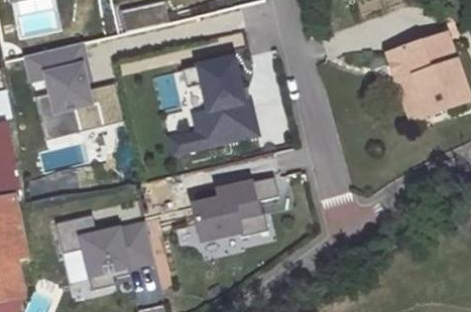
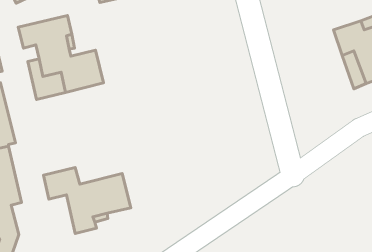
building: [170,56,258,153] -> none
building: [190,179,277,242] -> none

